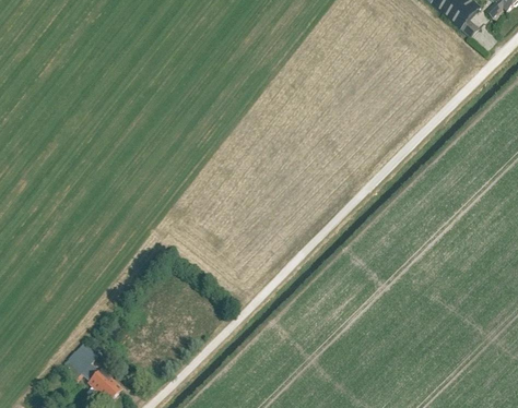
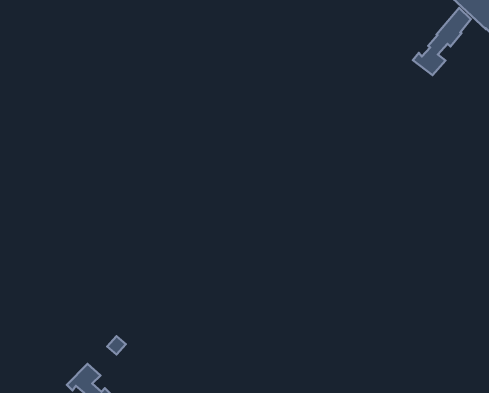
building: none -> [413,8,471,75]

